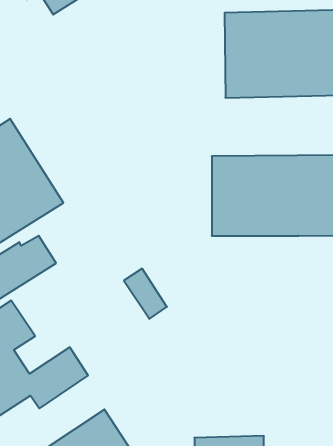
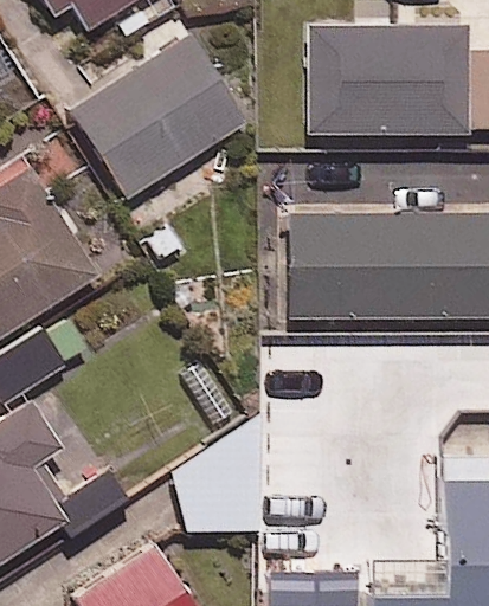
building: none -> [69,32,245,199]
building: none -> [178,419,260,533]

